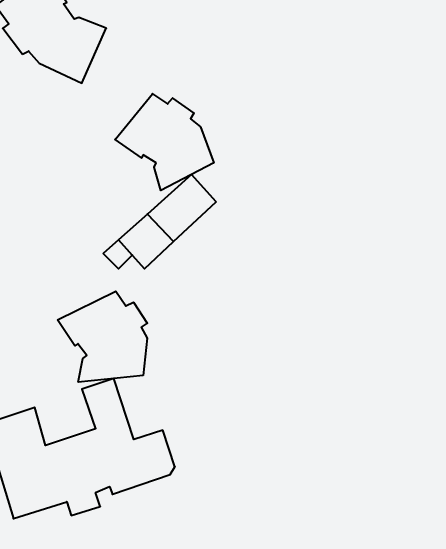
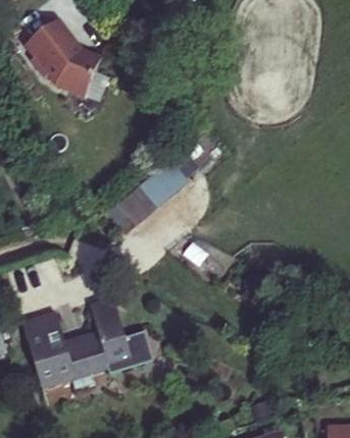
building: [115,94,214,190] -> none
building: [58,291,147,382] -> none

